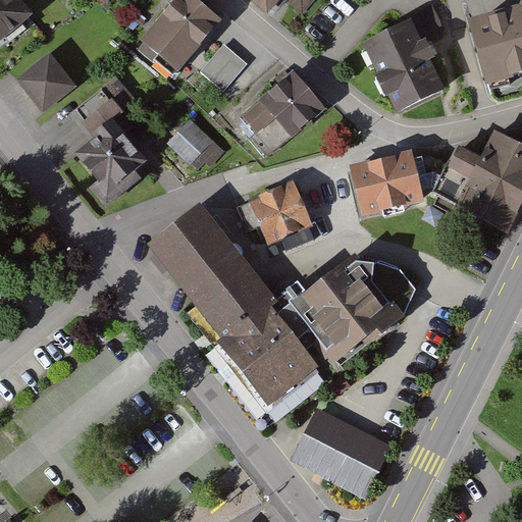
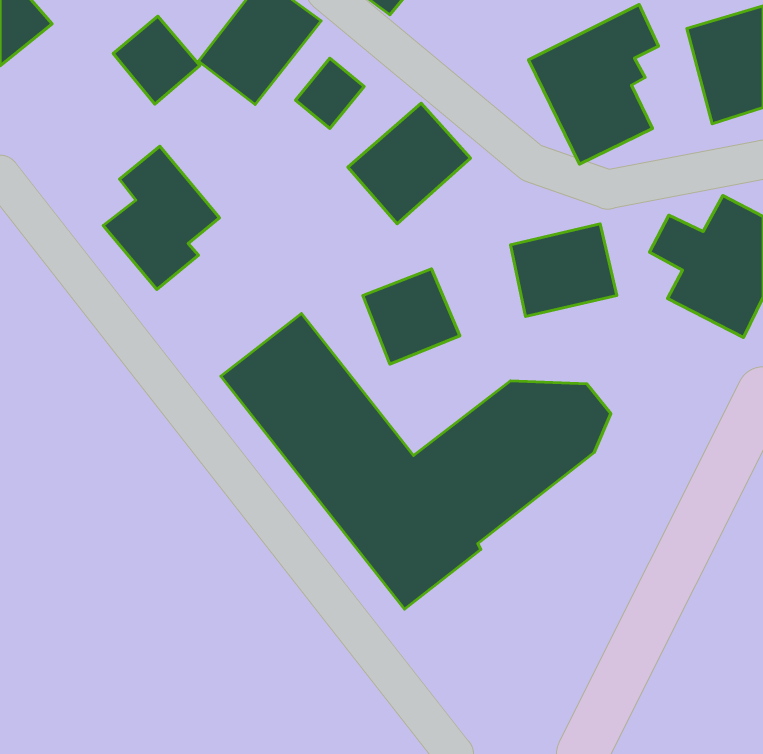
building: [17,52,76,112] -> [113,16,200,104]
building: [171,116,221,166] -> none
building: [289,394,389,485] -> none

